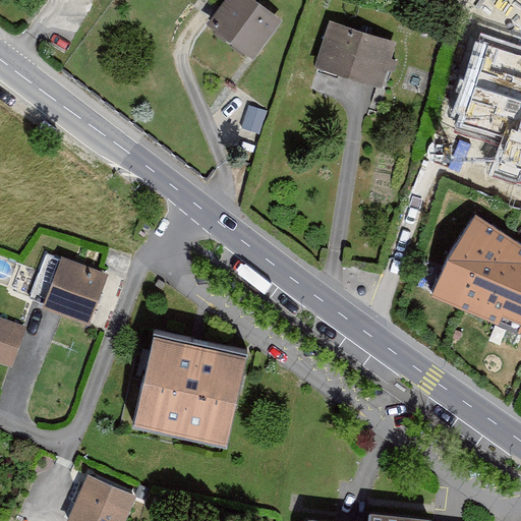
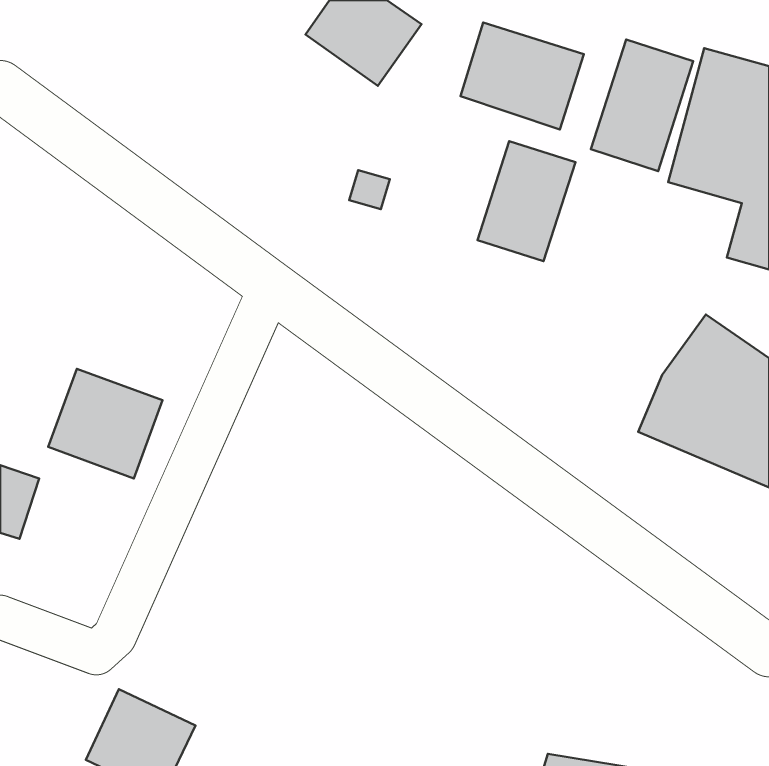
building: none -> [591,39,693,171]
building: none -> [477,141,575,261]
building: [129,329,251,449] -> none

